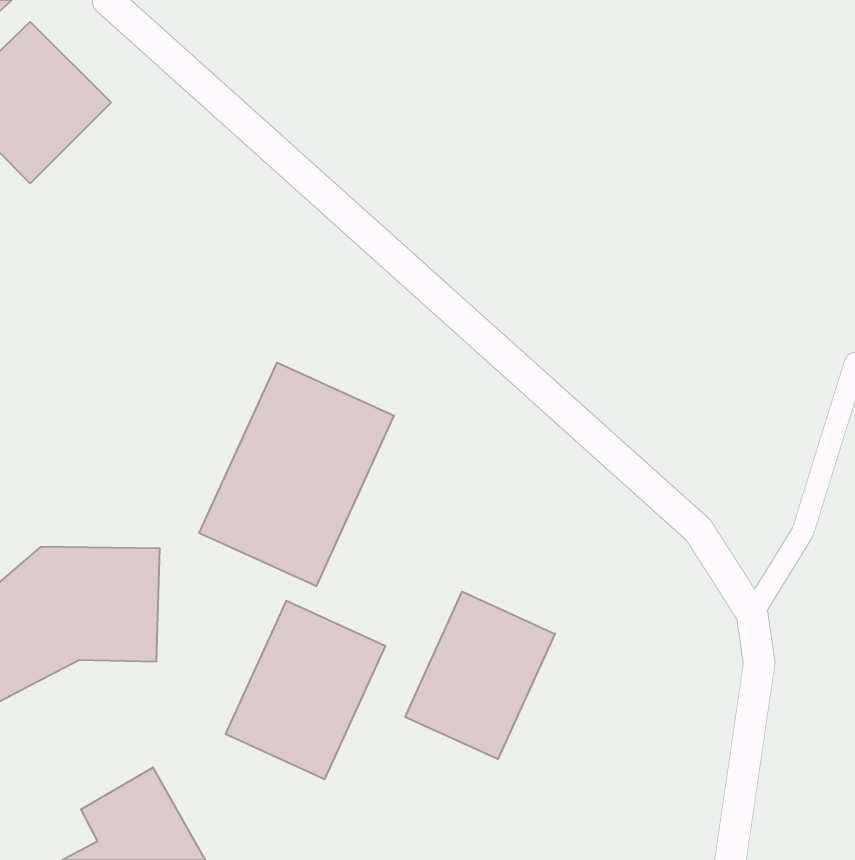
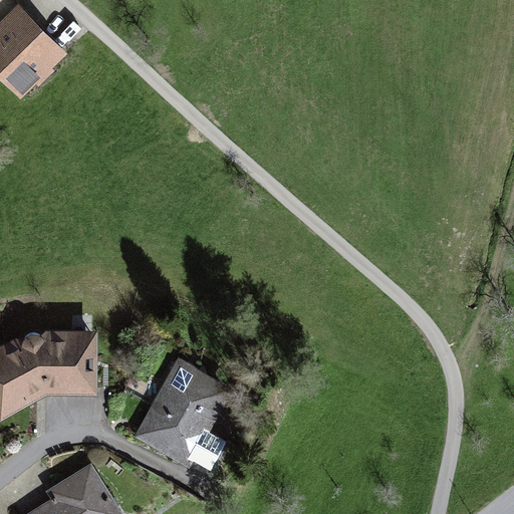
building: [199,363,394,586] -> none
building: [405,592,555,759] -> none

